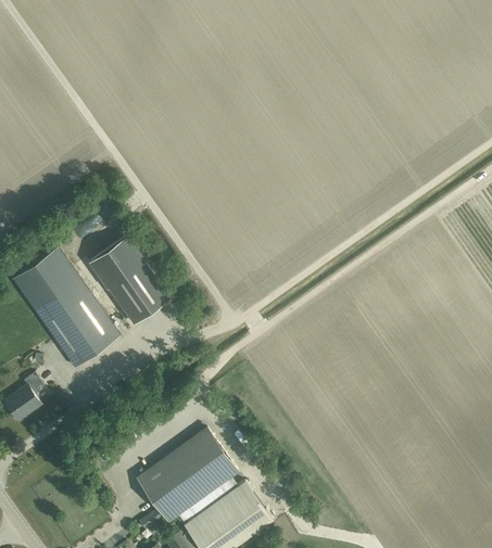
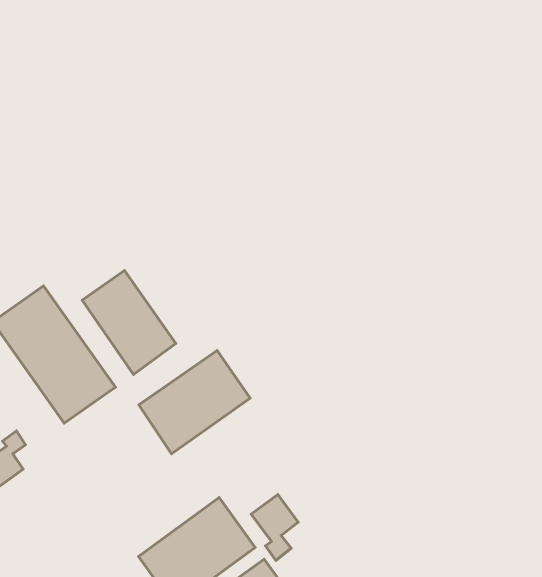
building: none -> [139,351,250,454]
building: none -> [251,495,298,561]

